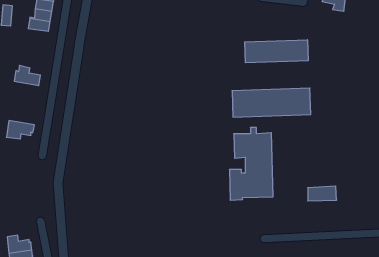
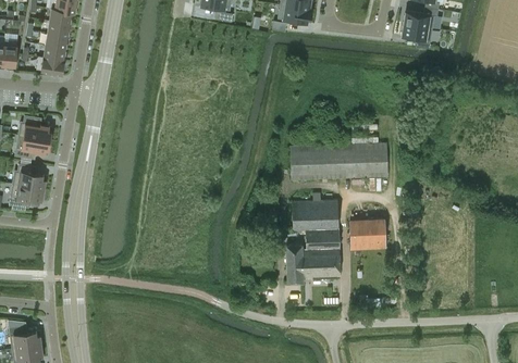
building: [245,40,308,63] -> none
building: none -> [15,135,49,158]
building: none -> [12,164,46,189]
building: [308,186,337,201] -> [349,222,385,240]

